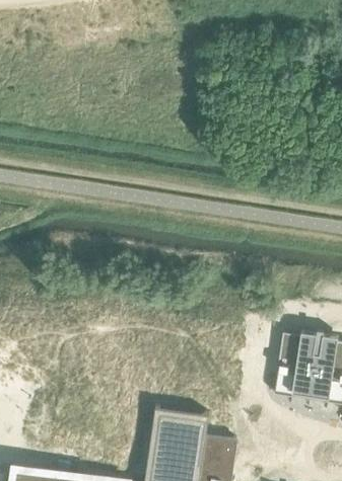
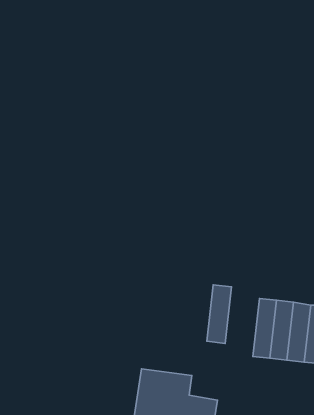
building: none -> [207,285,232,343]

